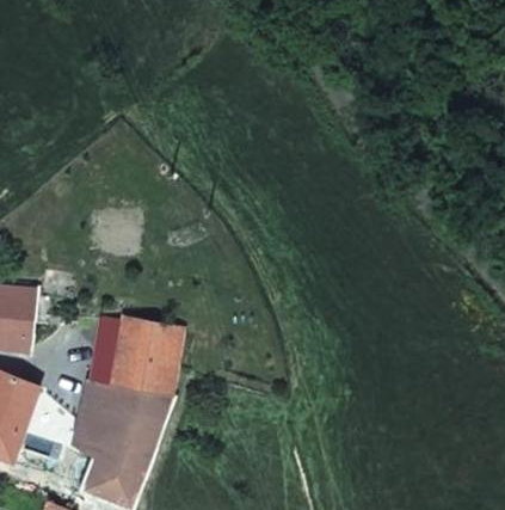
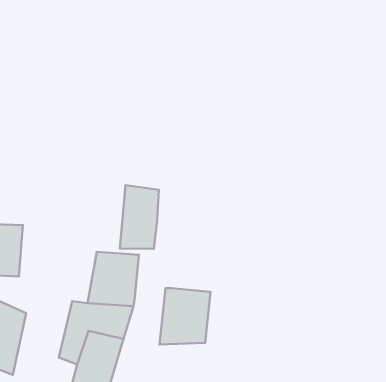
building: none -> [120,185,159,249]
building: none -> [160,288,210,344]

